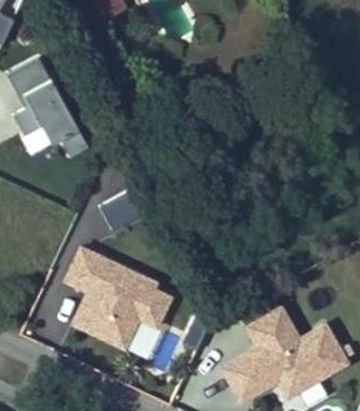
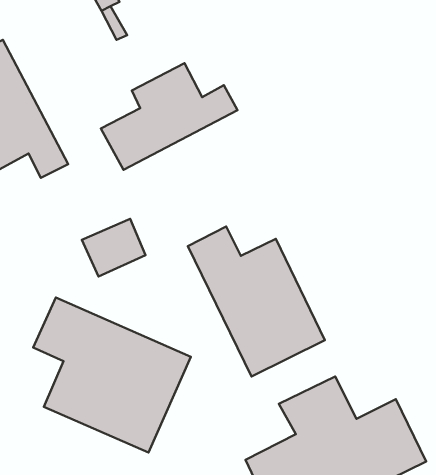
building: none -> [101,63,237,170]
building: none -> [188,226,325,376]

